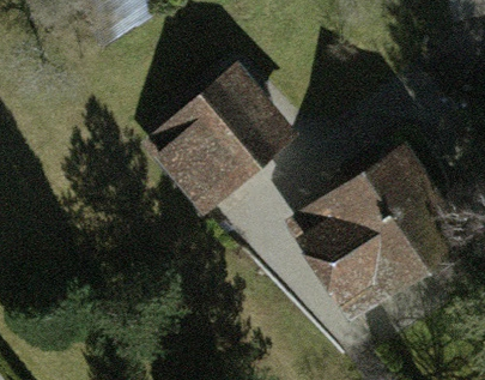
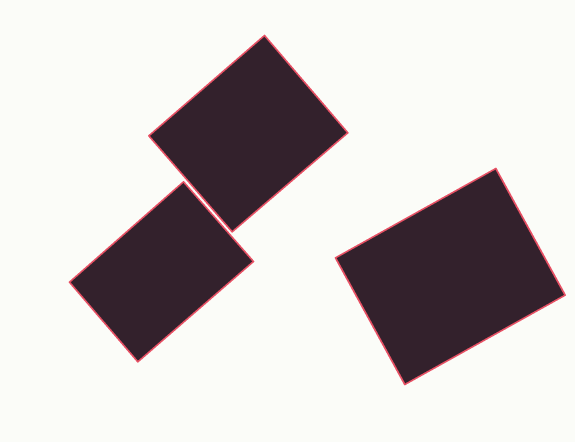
building: none -> [69,182,253,362]

